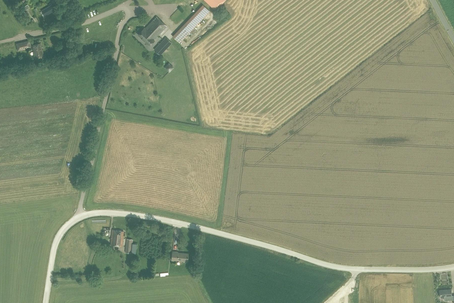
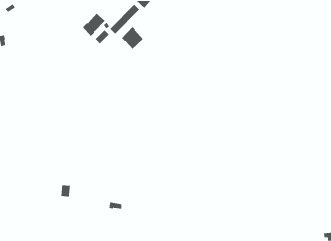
building: none -> [121,26,143,50]

